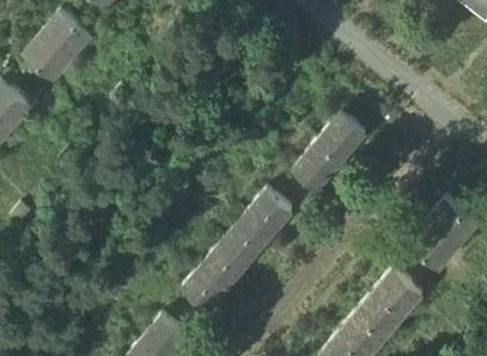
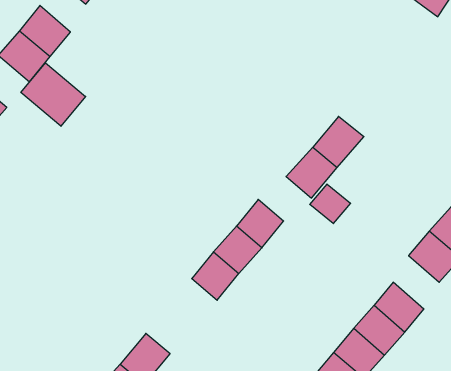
building: none -> [21,63,86,126]
building: none -> [310,184,351,224]
building: [183,265,229,309] -> none

